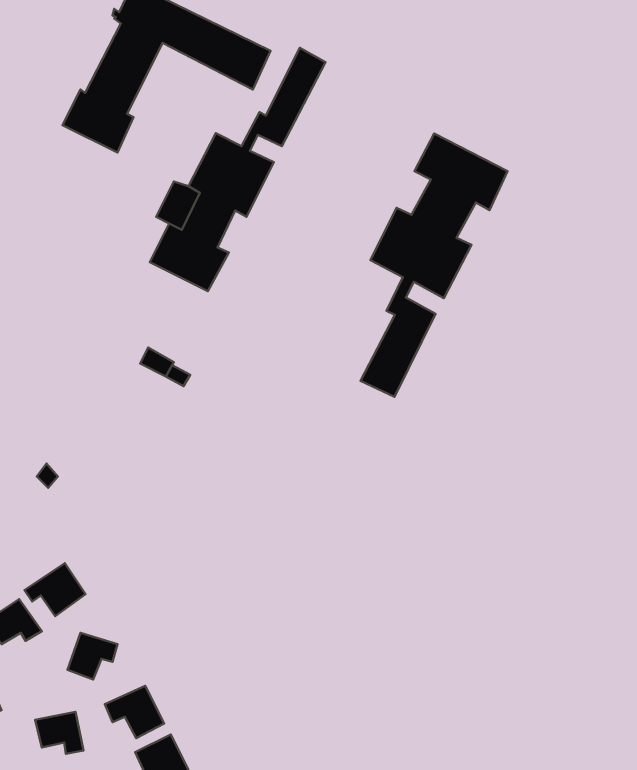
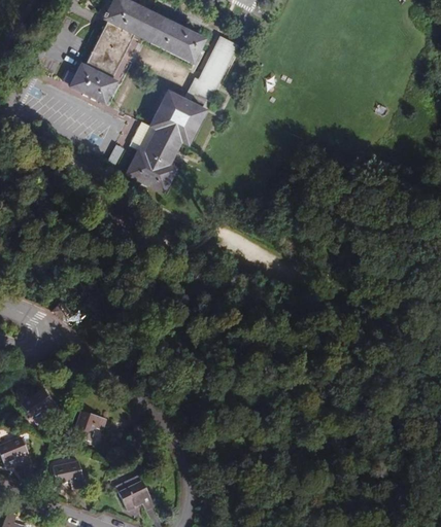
building: [360,133,508,397] -> none
building: [25,563,86,616] -> none
building: [105,686,164,738] -> none

